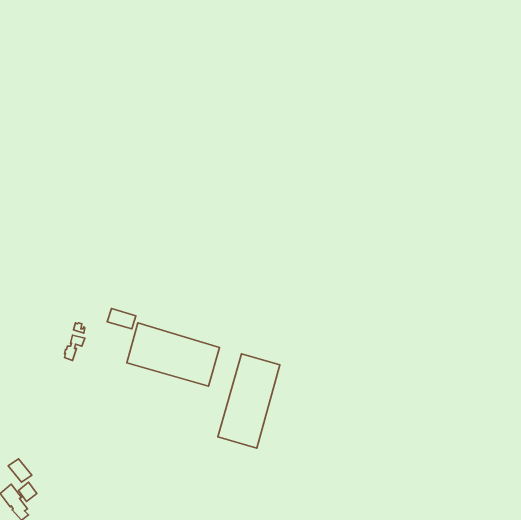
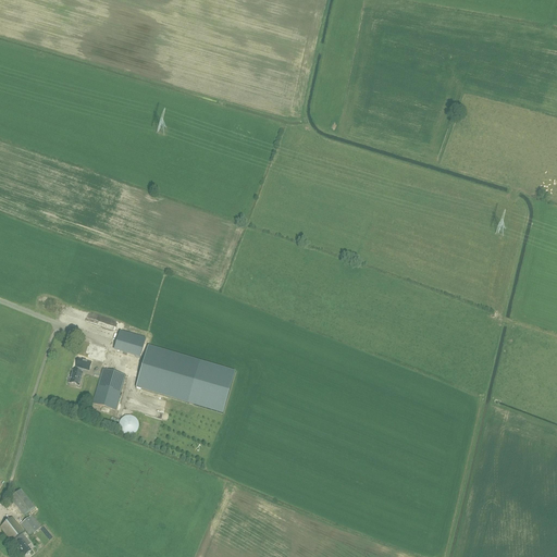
building: none -> [91,367,125,408]
building: [218,354,280,448] -> none

